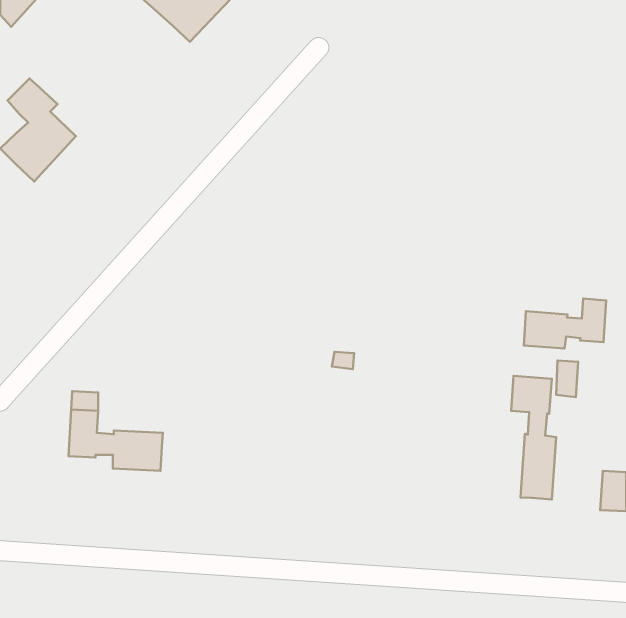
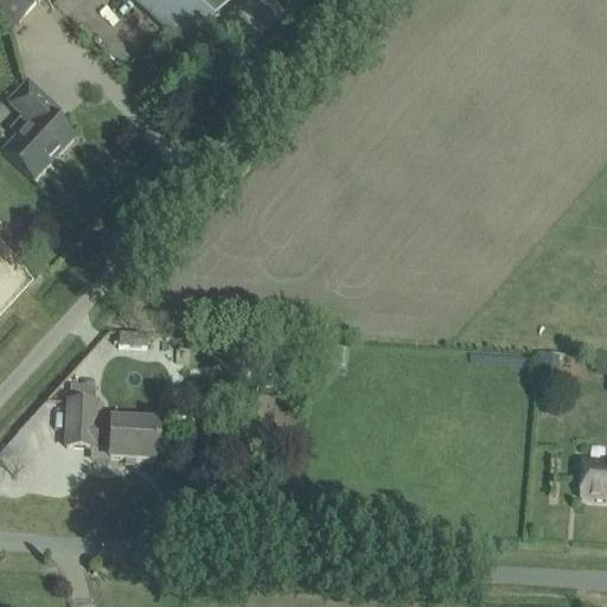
building: [524,299,606,348] -> none
building: [511,376,556,499] -> none

